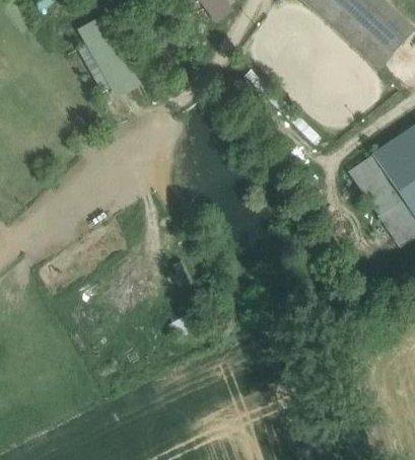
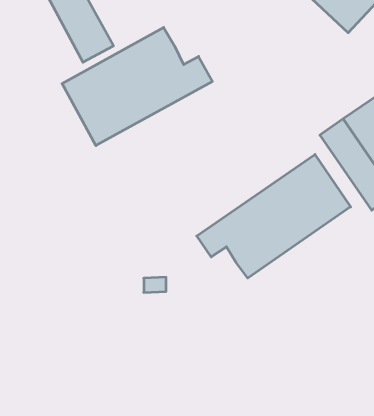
building: none -> [62,27,212,146]
building: none -> [197,154,351,278]

